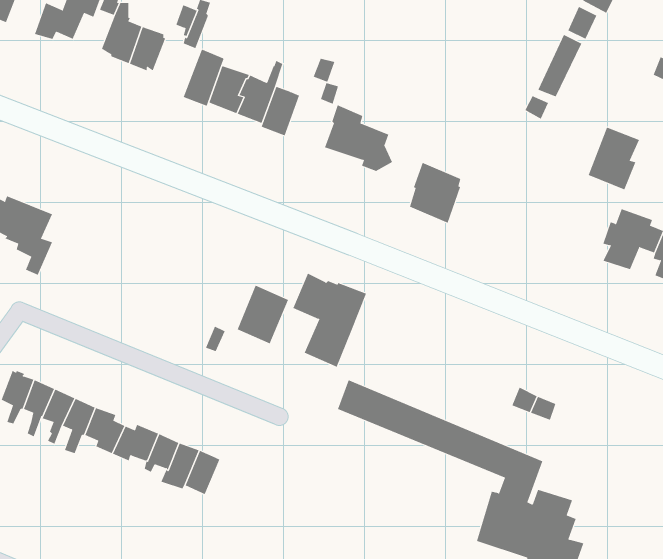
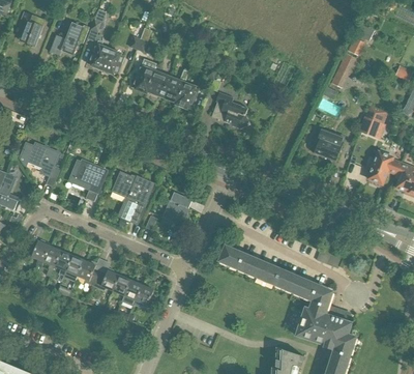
building: [409,162,461,223] -> [314,127,343,162]
building: none -> [73,160,107,201]
building: [293,273,367,368] -> [112,171,153,224]

